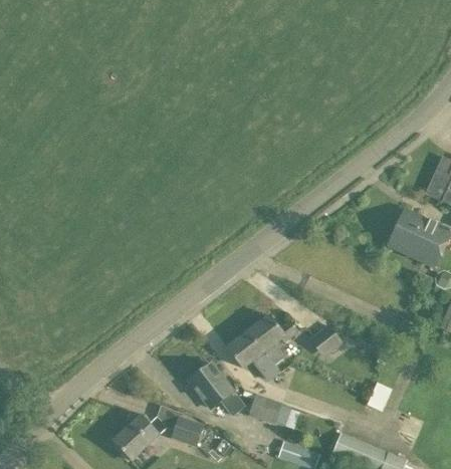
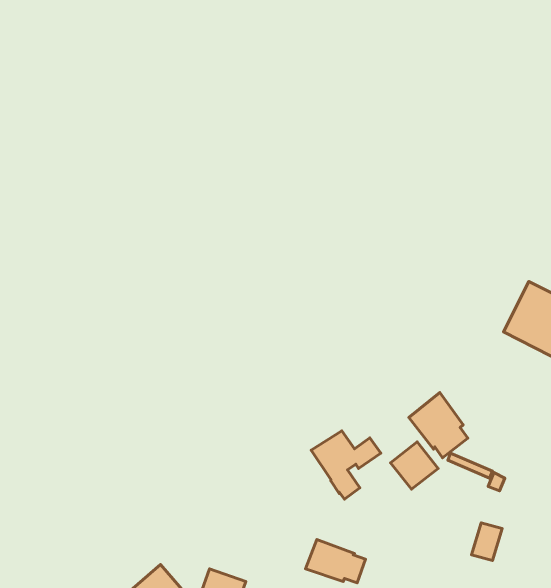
building: none -> [409,393,468,458]
building: [228,329,264,367] -> none
building: [186,361,244,416] -> none

